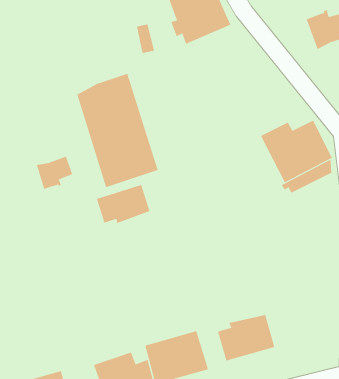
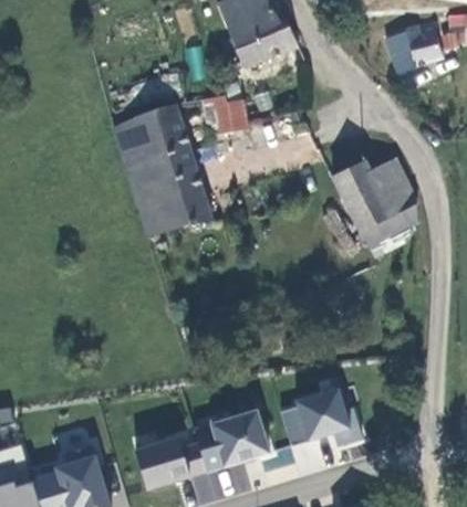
building: none -> [203,95,249,134]
building: [36,156,73,189] -> none
building: [96,184,150,224] -> none

